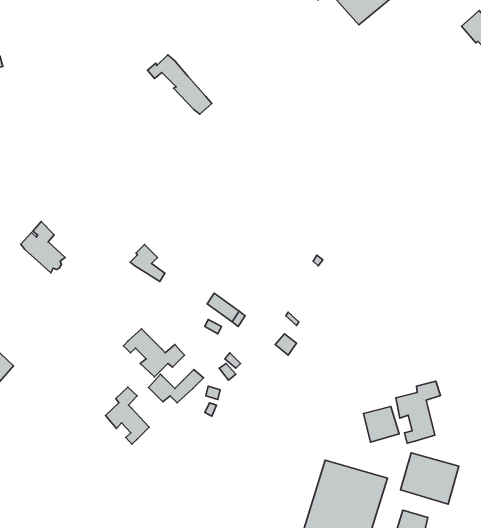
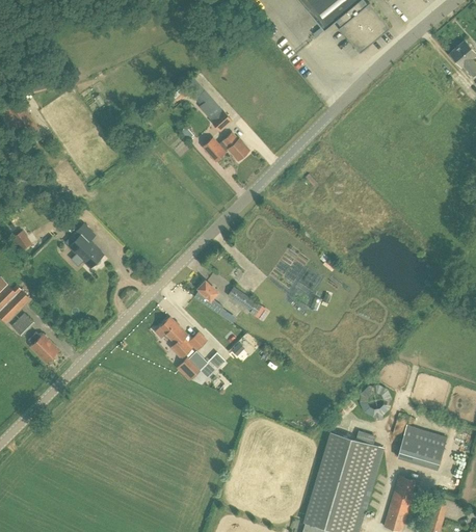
building: none -> [202,131,250,162]
building: [130,244,165,281] -> [193,281,223,313]
building: [396,381,441,443] -> none
building: [105,387,149,444] -> none

